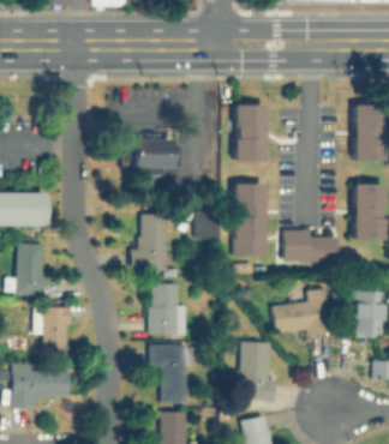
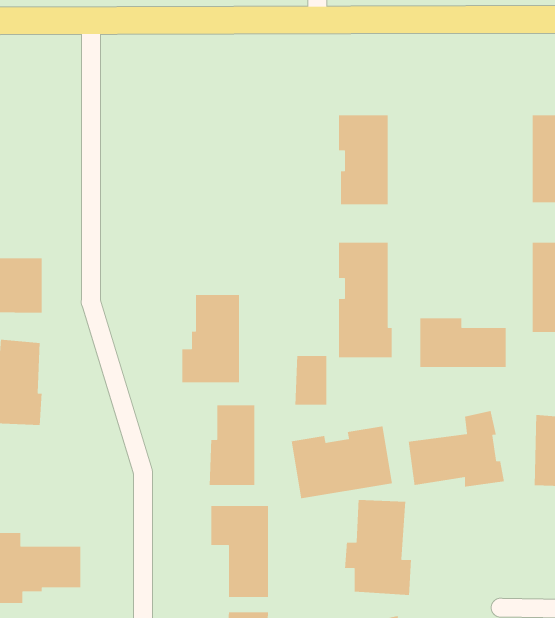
building: [122,138,181,174] -> none
building: [192,205,213,236] -> [294,355,327,405]
building: none -> [291,426,393,499]
building: [35,306,72,355] -> none

